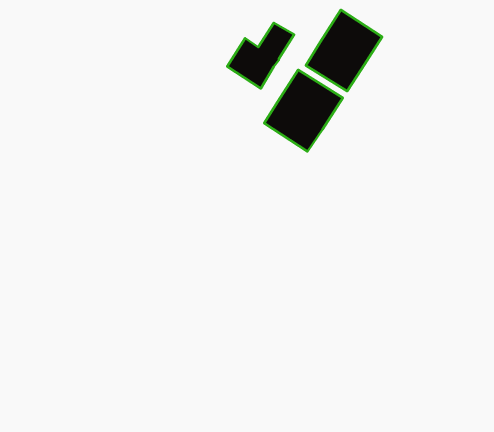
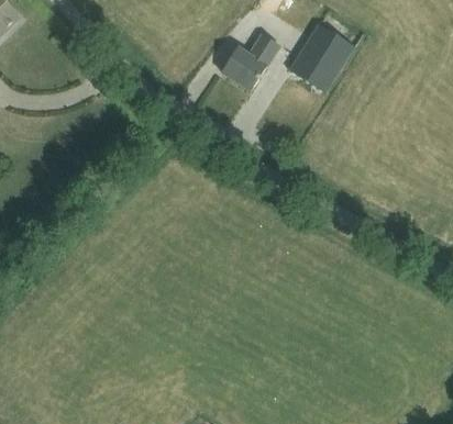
building: [264,70,343,152] -> none

